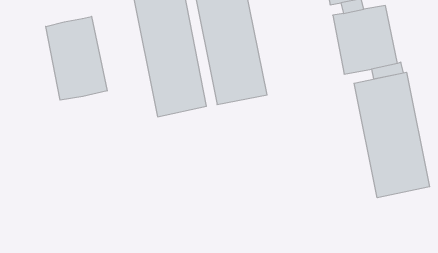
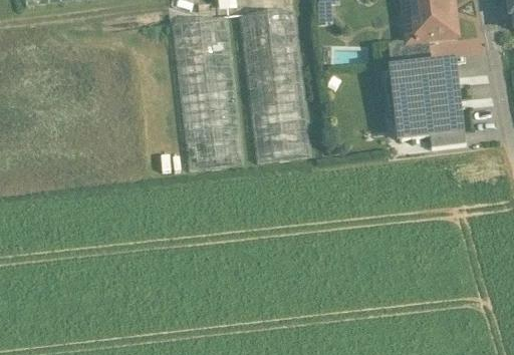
building: [46,16,107,100] -> none
building: [354,72,430,198] -> none

